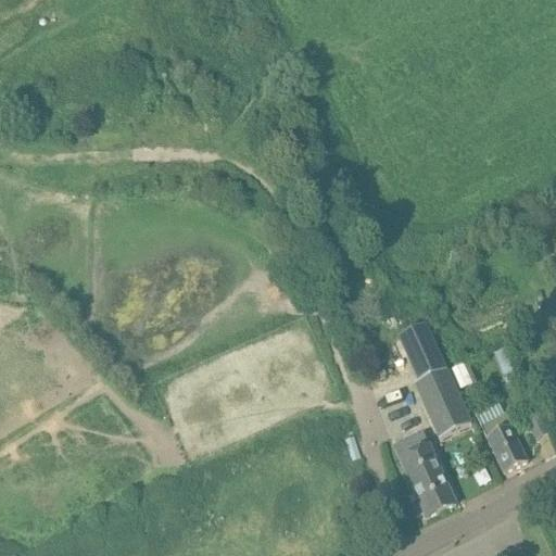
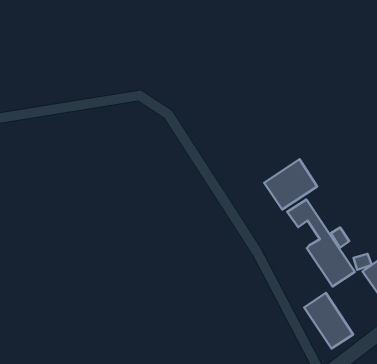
building: none -> [264,159,317,210]

